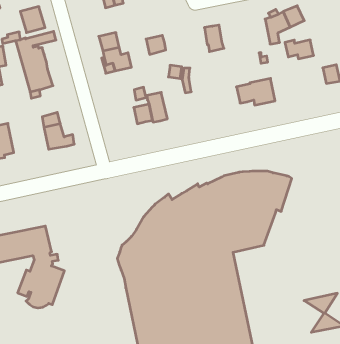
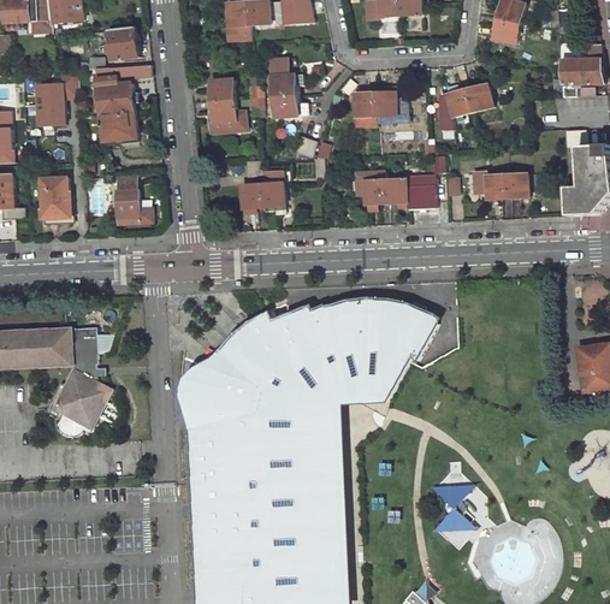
building: none -> [271,59,296,95]
building: none -> [375,87,396,116]
building: [285,40,314,59] -> [472,171,508,197]
building: none -> [355,171,386,205]

